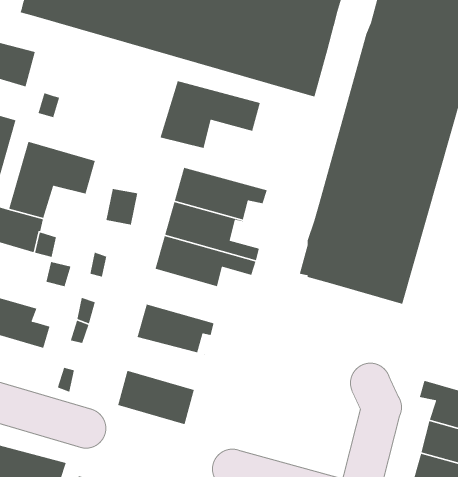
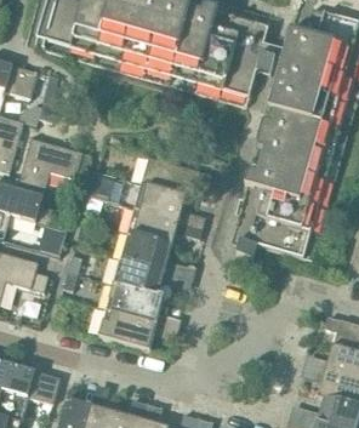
building: [160,80,261,149] -> none
building: none -> [119,233,173,273]
building: none -> [104,284,163,323]

